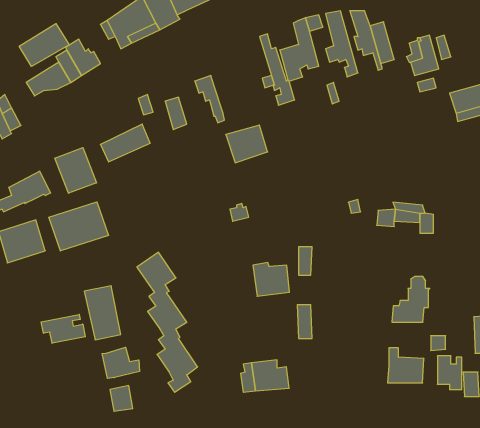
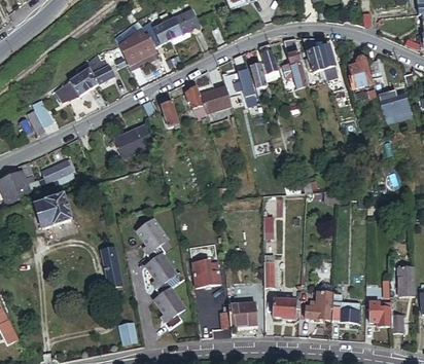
building: [19,24,69,66] -> none
building: [226,125,268,163] -> [199,85,231,114]
building: [55,148,96,193] -> none
building: [49,202,108,251] -> none
building: [253,263,289,296] -> [191,260,219,286]
building: [392,276,430,322] -> [305,283,333,318]
building: [41,314,85,343] -> none
building: [102,347,139,378] -> none
building: none -> [273,295,301,319]

